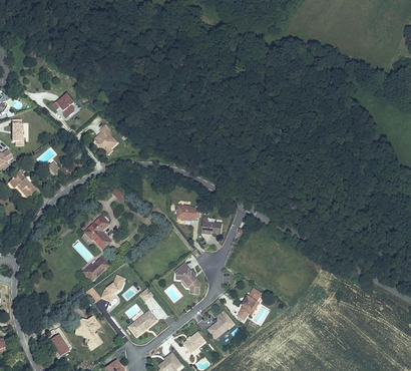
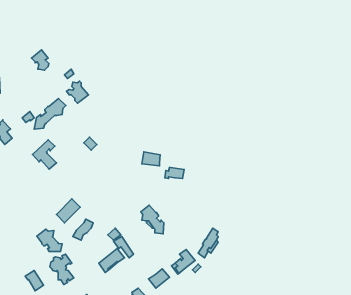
building: none -> [34,99,66,129]
building: [84,216,110,248] -> [33,140,57,169]
building: none -> [37,229,62,252]

